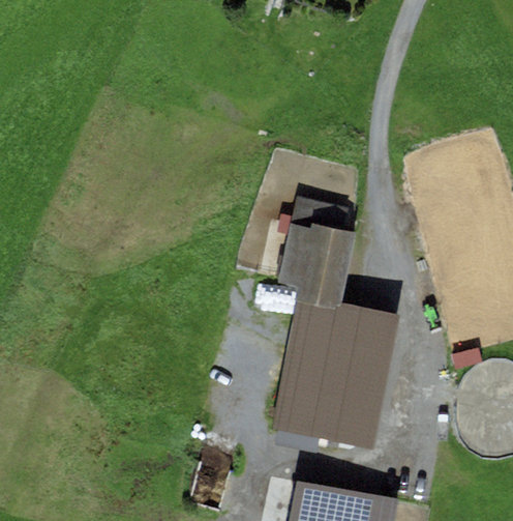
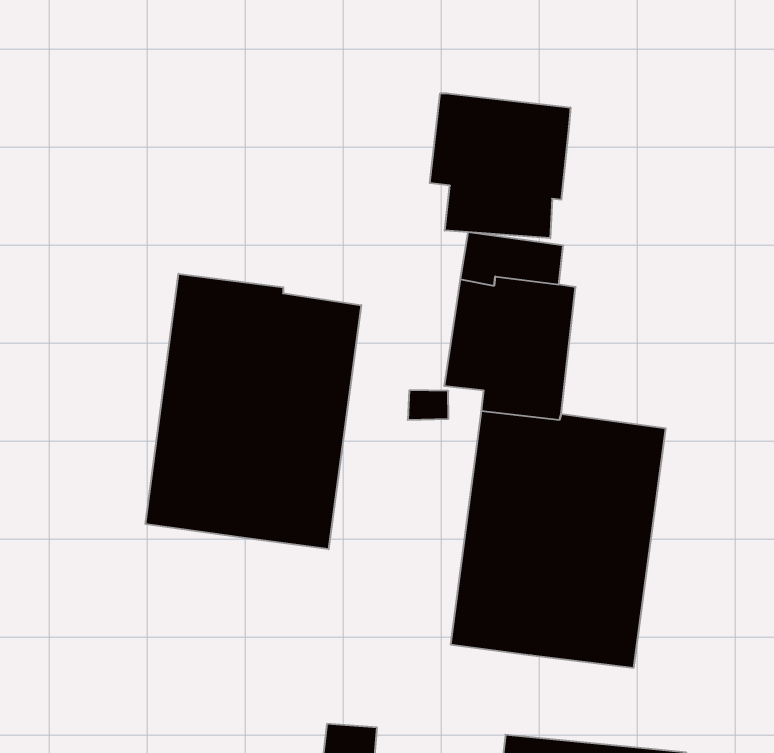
building: none -> [430,93,570,238]
building: none -> [146,274,361,549]

